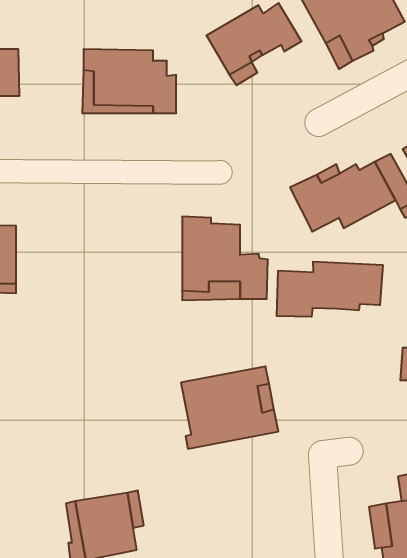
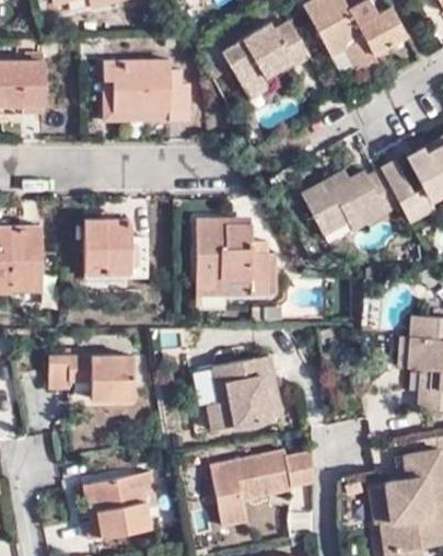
building: none -> [83,219,147,277]
building: [277,262,383,317] -> none
building: none -> [51,360,138,403]
building: none -> [214,453,317,528]

